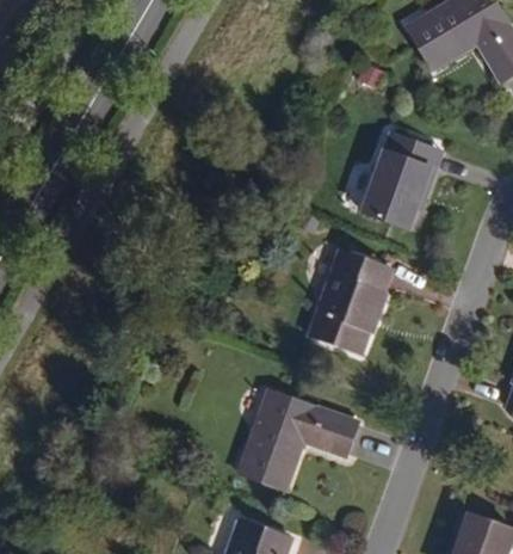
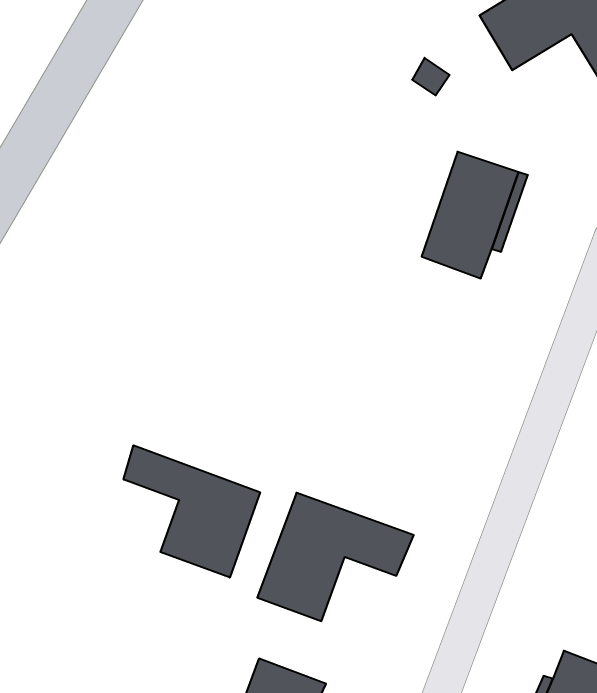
building: [310,250,393,352] -> none
building: none -> [124,445,260,578]

